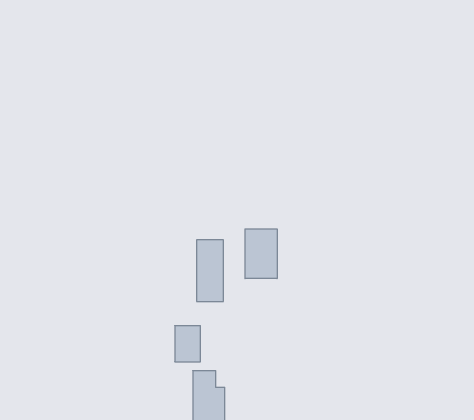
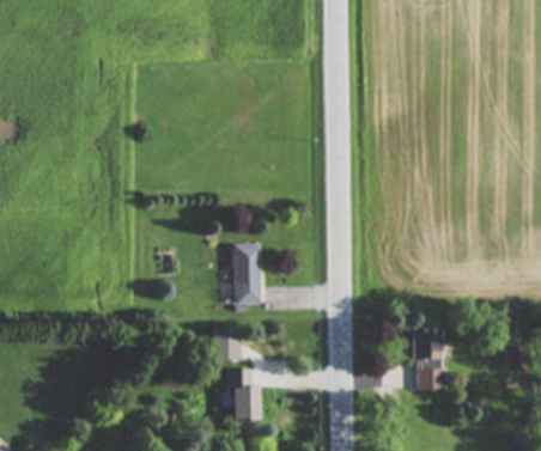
building: [245,229,277,279] -> none
building: none -> [415,331,446,392]

